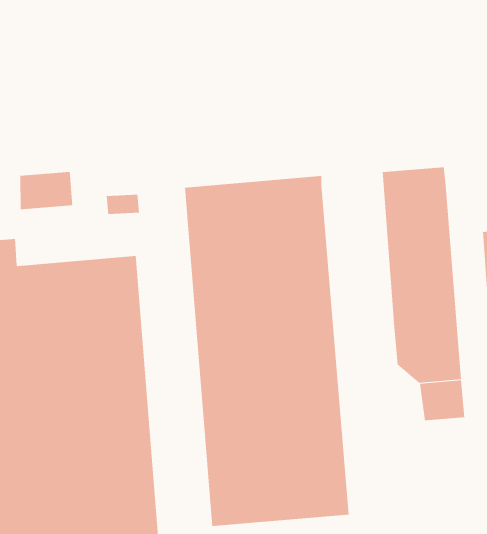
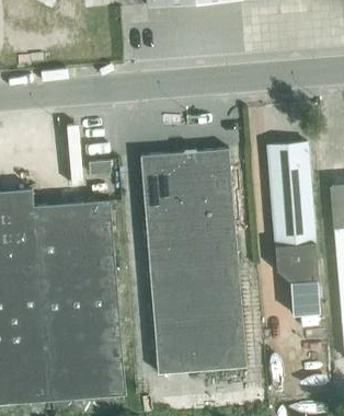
building: [20,171,73,210] -> none

